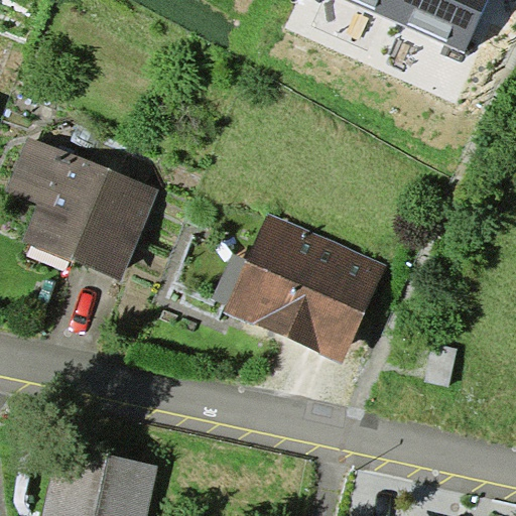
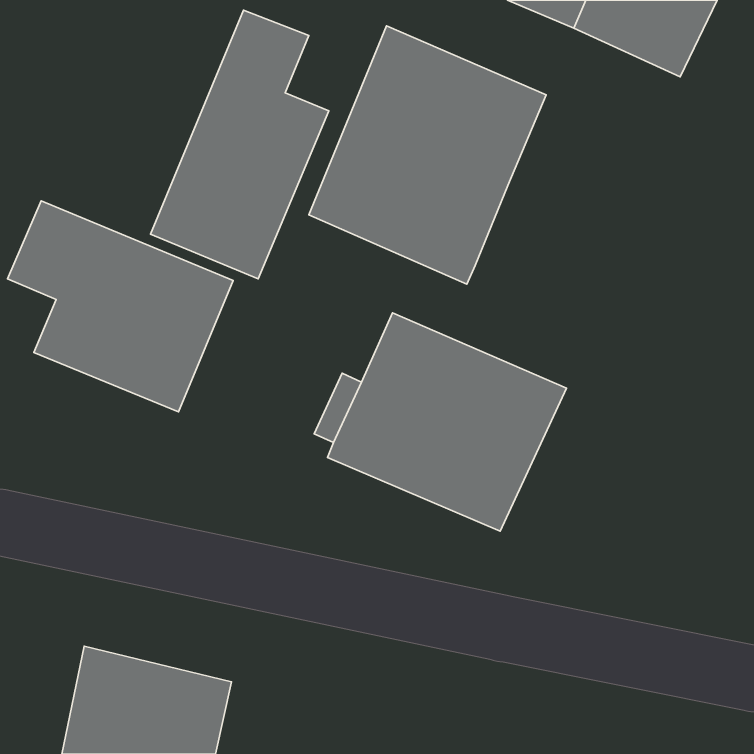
building: none -> [151,10,329,279]
building: none -> [309,26,546,284]

